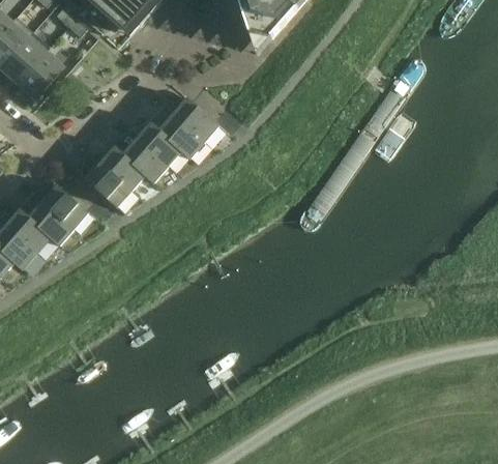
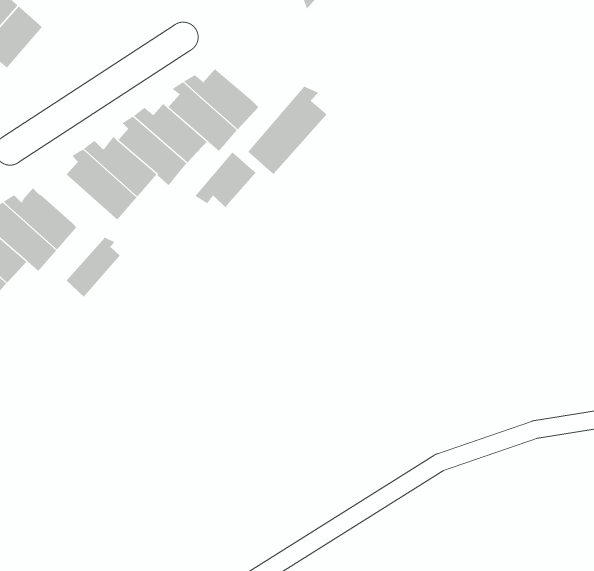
building: none -> [248,86,327,175]
building: none -> [195,152,257,208]
building: none -> [66,237,121,298]

